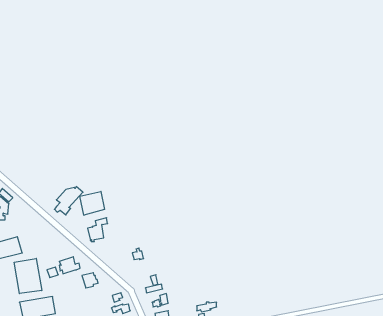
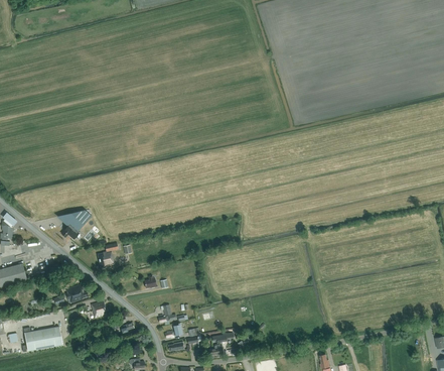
building: [80,191,105,215] -> none
building: [14,258,42,294] -> none

